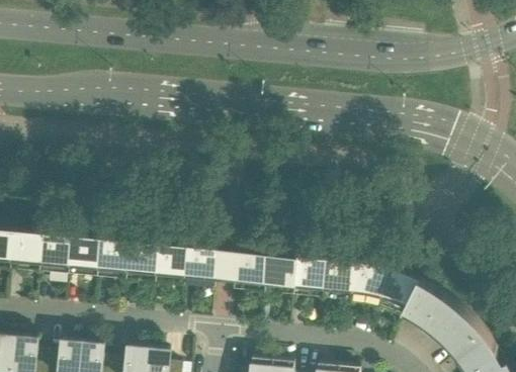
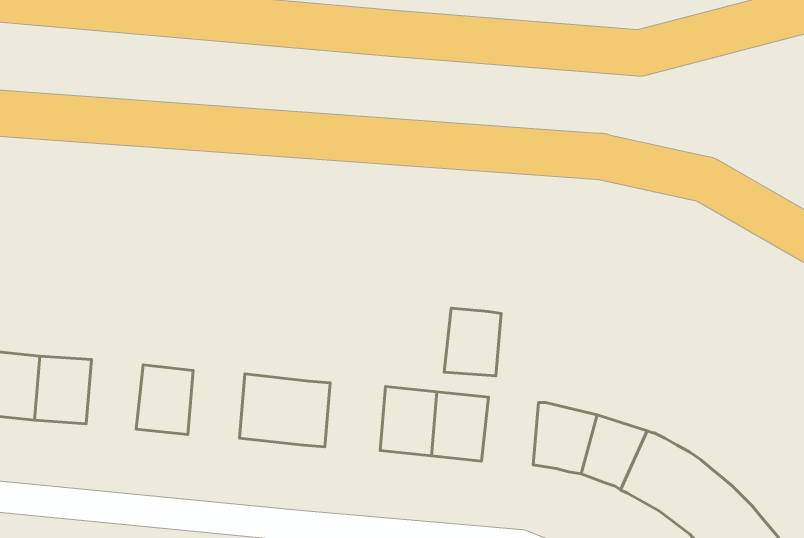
building: [98,236,131,275] -> none
building: [156,242,188,280] -> none
building: [234,249,268,287] -> none
building: [323,257,355,295] -> [444,308,501,376]

